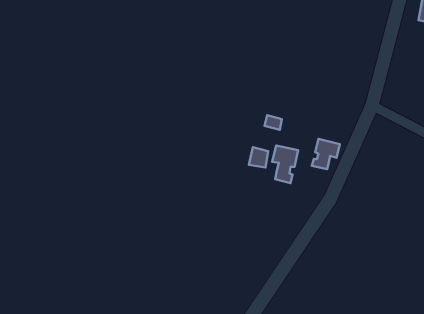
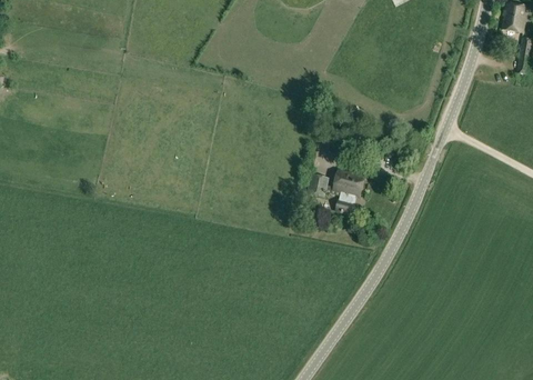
building: [312,139,340,169] -> none

